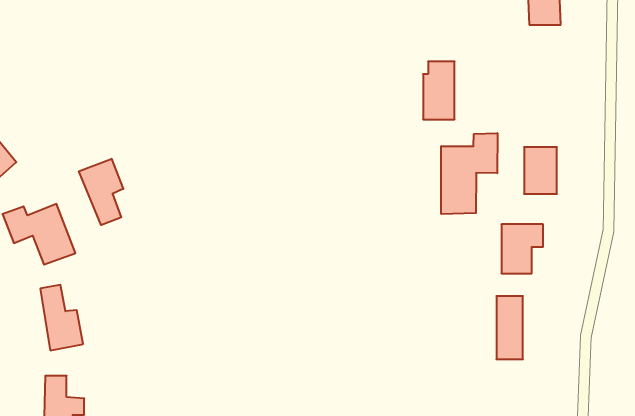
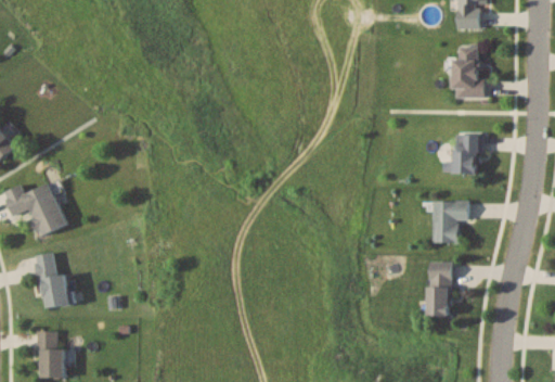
building: [423,61,455,119] -> [453,48,480,98]
building: [441,133,497,214] -> none
building: [79,159,123,225] -> none

